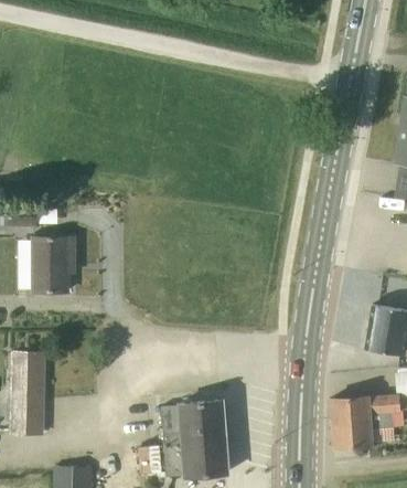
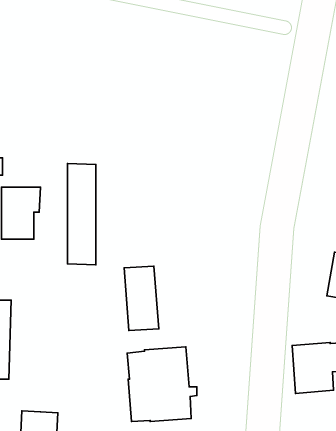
building: none -> [68,163,96,265]
building: none -> [124,266,159,330]

